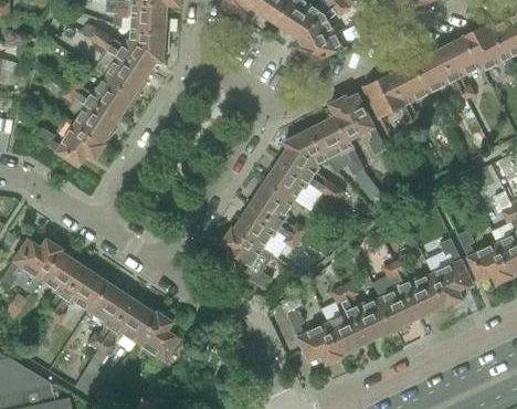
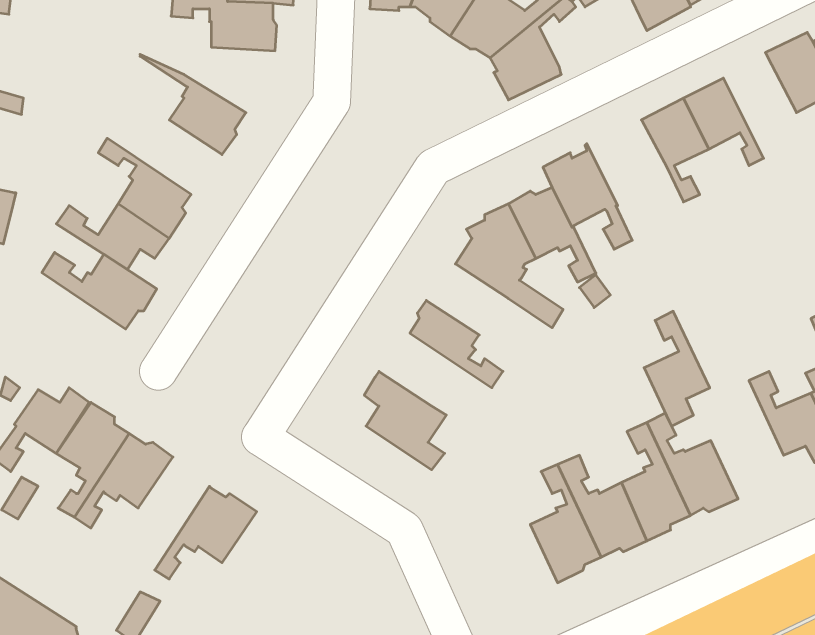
building: [87,24,169,71] -> none
building: [441,36,485,98] -> none
building: [365,73,416,130] -> none
building: [67,74,137,120] -> [42,252,157,329]
building: [261,162,310,206] -> none
building: [232,204,300,249] -> none
building: [433,235,473,305] -> [644,311,710,426]
building: [86,280,129,348] -> none
building: [287,307,340,363] -> none
building: [137,313,178,380] -> none

